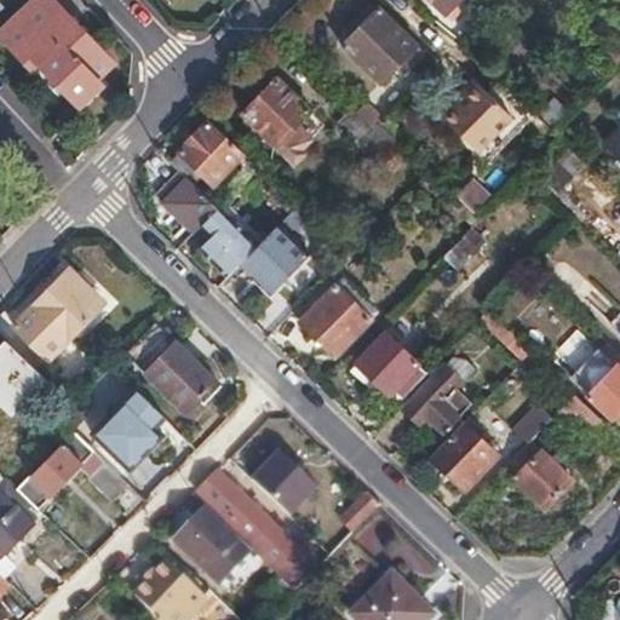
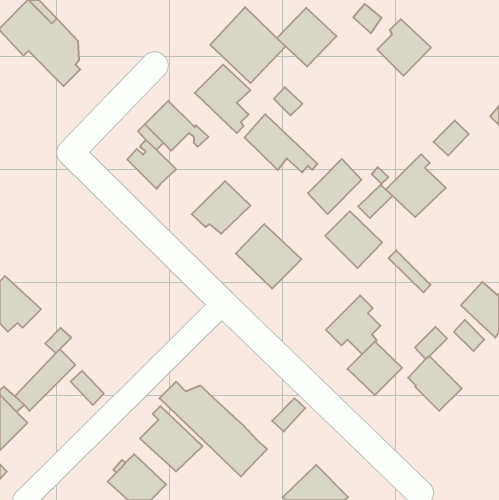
building: none -> [210,7,285,83]
building: [444,81,511,151] -> [377,19,431,76]
building: none -> [244,114,318,173]
building: none -> [386,154,446,217]
building: none -> [308,159,362,214]
building: [199,208,257,277] -> none
building: [13,265,109,361] -> none
building: [125,321,216,412] -> none
building: [357,334,427,404] -> [325,211,382,268]
building: [91,396,163,470] -> none
building: [252,449,320,516] -> none

